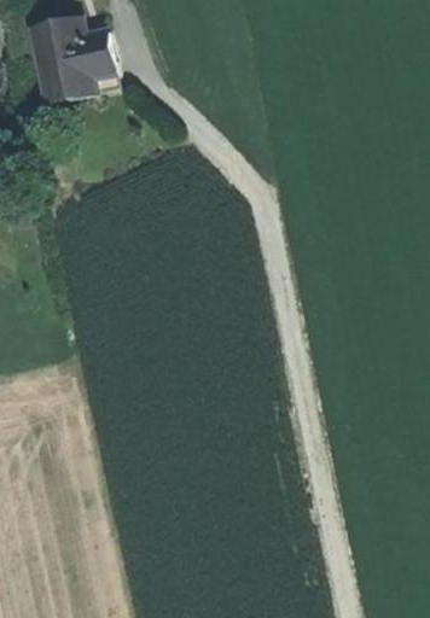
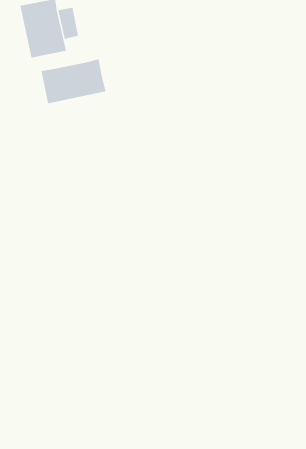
building: none -> [41,58,106,104]

